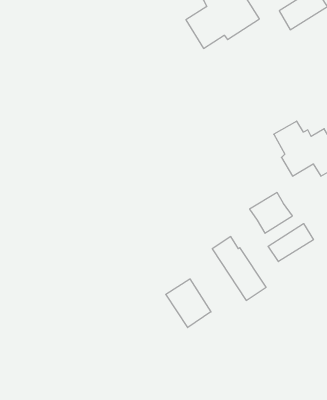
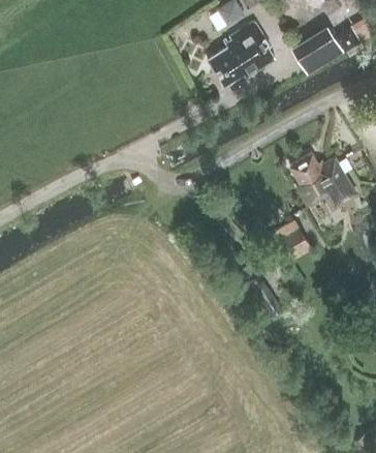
building: [268,224,313,262] -> none
building: [166,279,211,328] -> none

